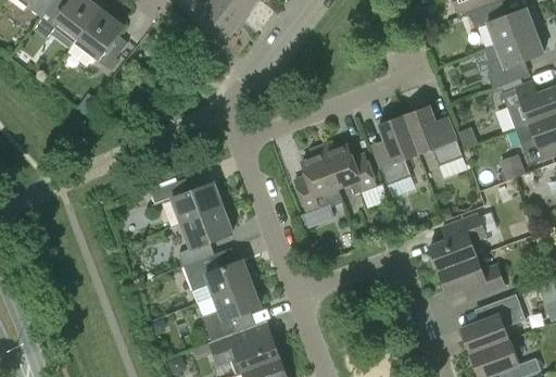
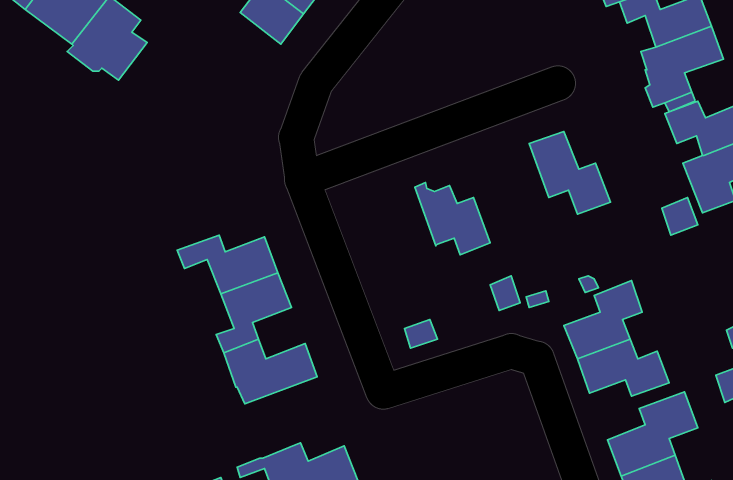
building: [377,114,418,185] -> none
building: [294,146,344,228] -> none
building: [199,282,260,341] -> none

